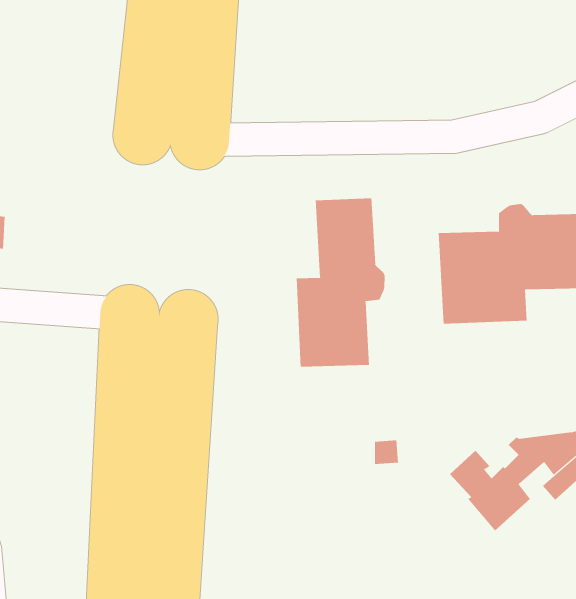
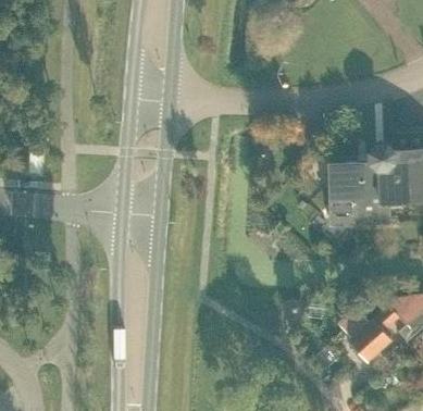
building: [296,197,385,367] -> none

